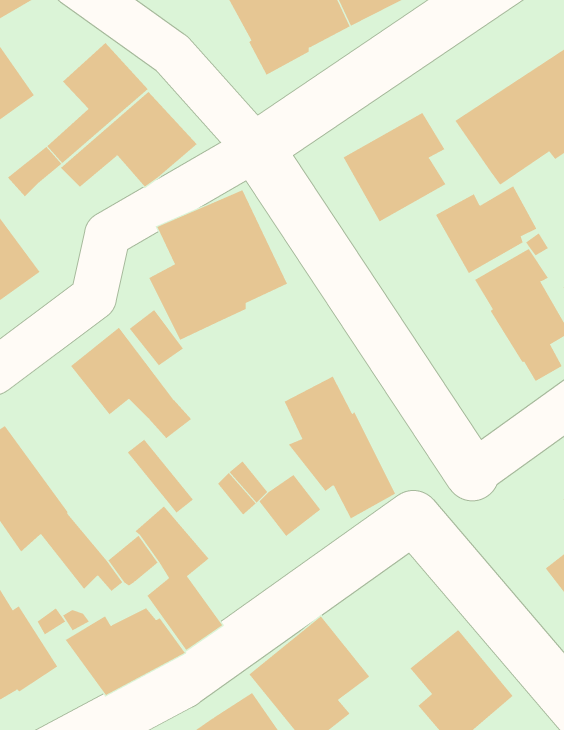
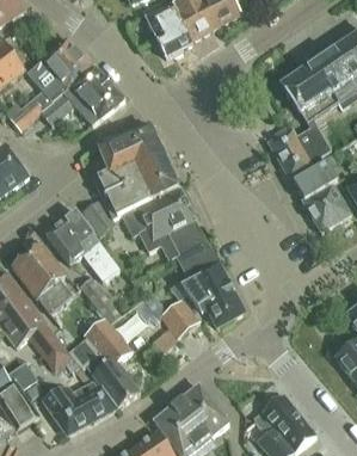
building: [343,112,446,222] -> none
building: none -> [135,183,205,259]
building: none -> [11,241,70,313]

